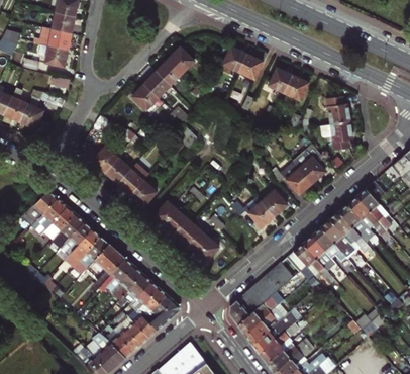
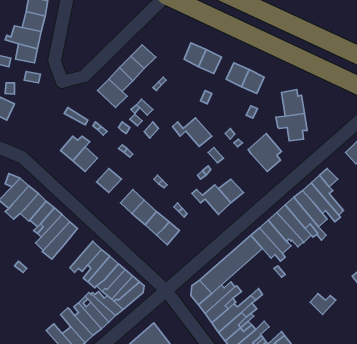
building: [118,163,148,194] -> none
building: [270,164,311,194] -> [173,118,212,147]
building: [95,244,126,288] -> none

